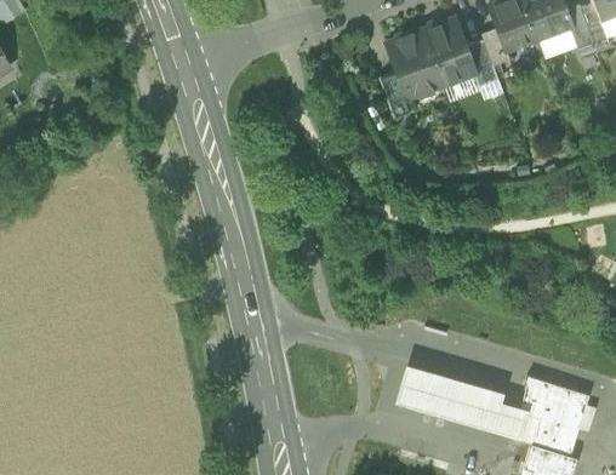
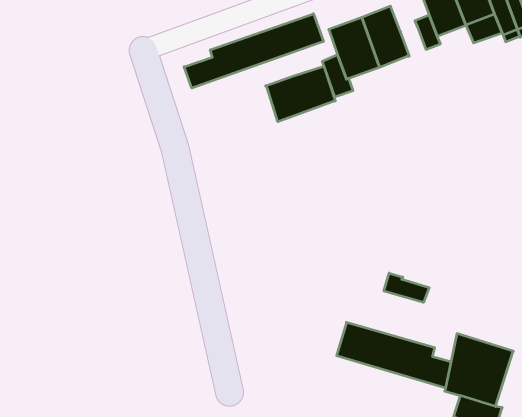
building: none -> [184,14,323,88]
building: [466,40,498,86] -> none
building: none -> [266,66,335,122]
building: none -> [384,273,429,302]

